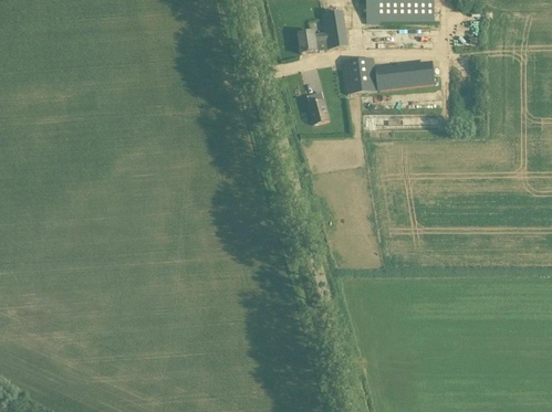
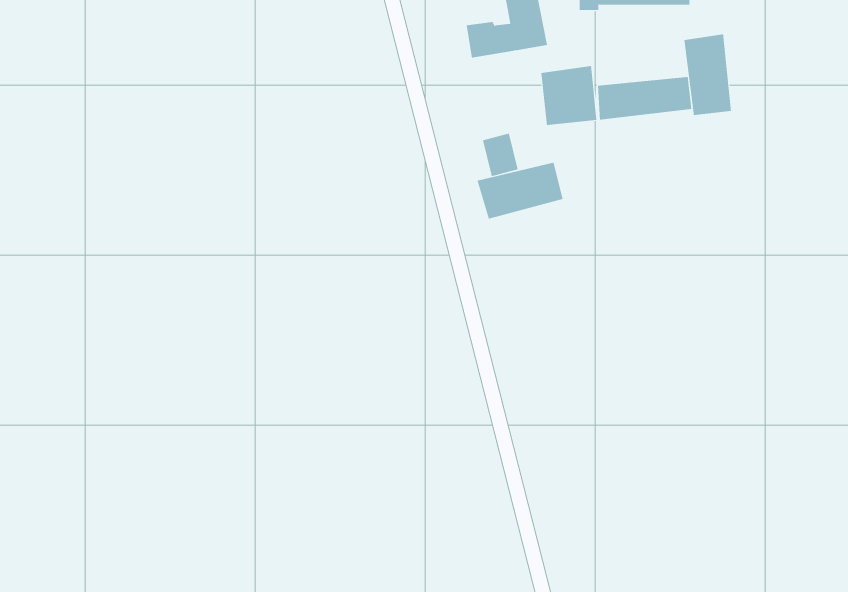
building: none -> [684,34,732,116]
building: none -> [477,162,563,220]

